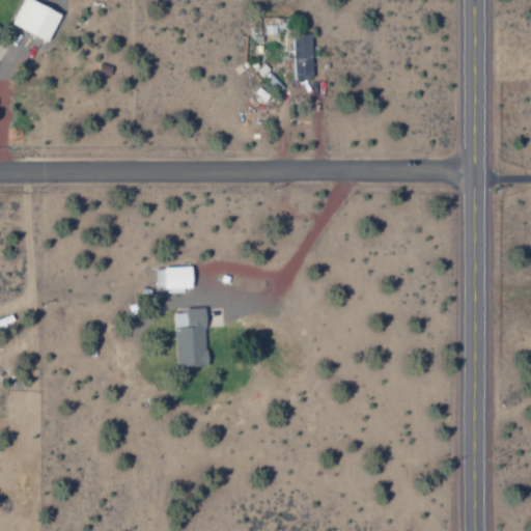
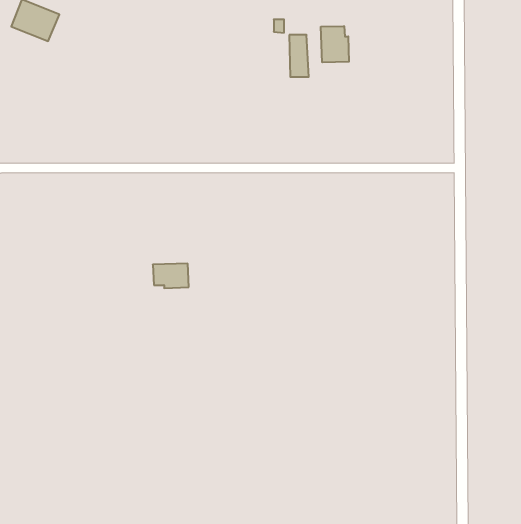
building: none -> [321,26,349,62]
building: [176,308,208,367] -> none

